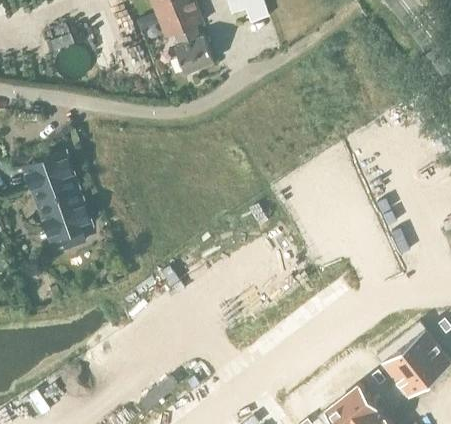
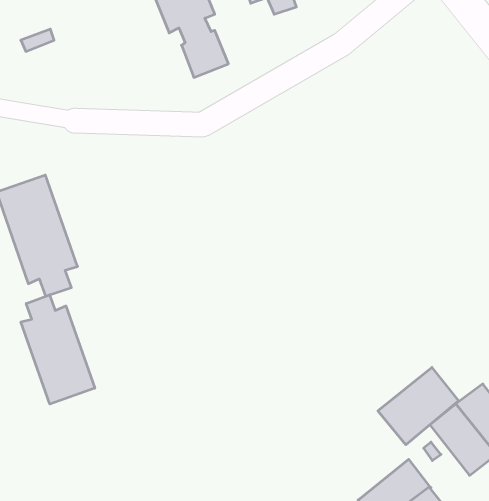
building: none -> [21,295,95,404]
building: none -> [378,367,459,445]

